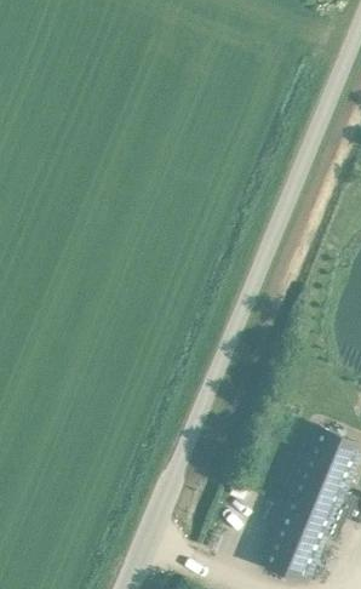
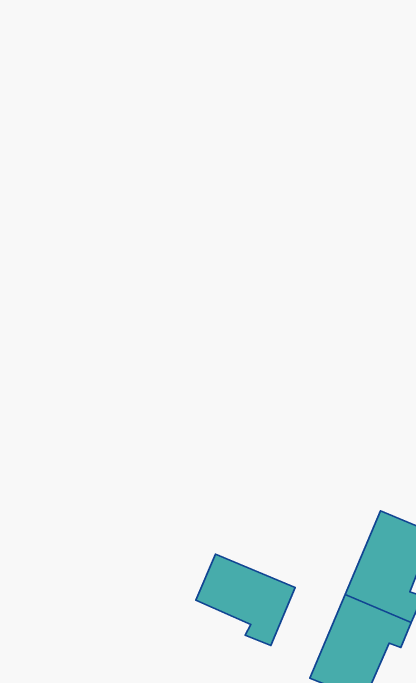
building: none -> [196,554,295,646]

